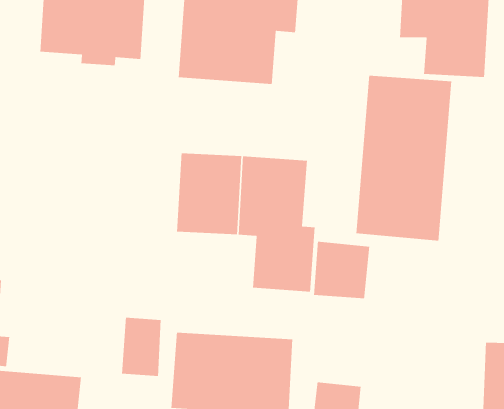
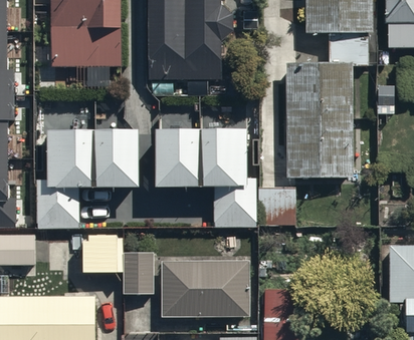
building: none -> [39,131,141,224]
building: none -> [81,232,123,272]

